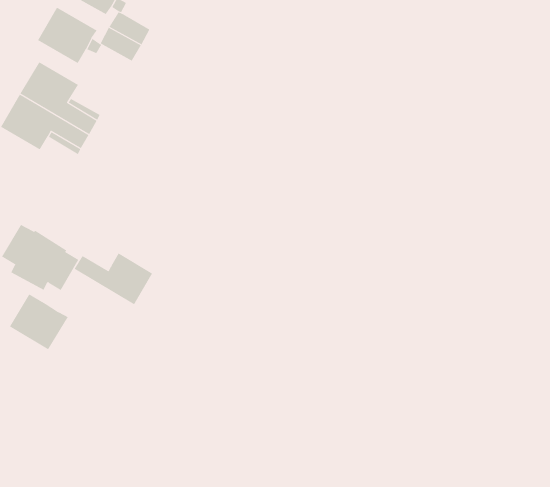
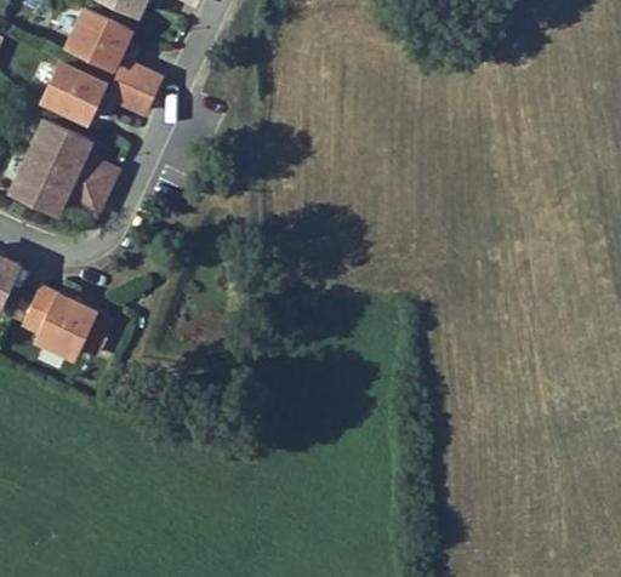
building: [74,253,153,305] -> none
building: [9,293,68,350] -> none

